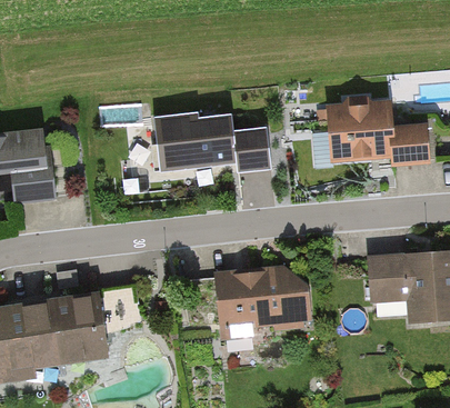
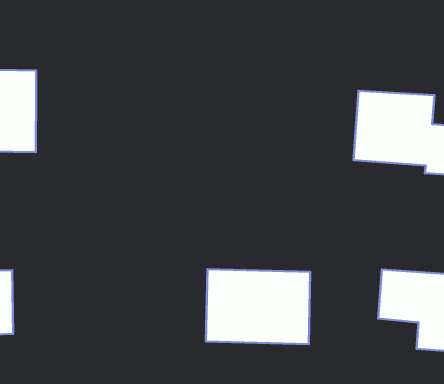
building: [151,108,268,169] -> none
building: [46,295,104,357] -> none

